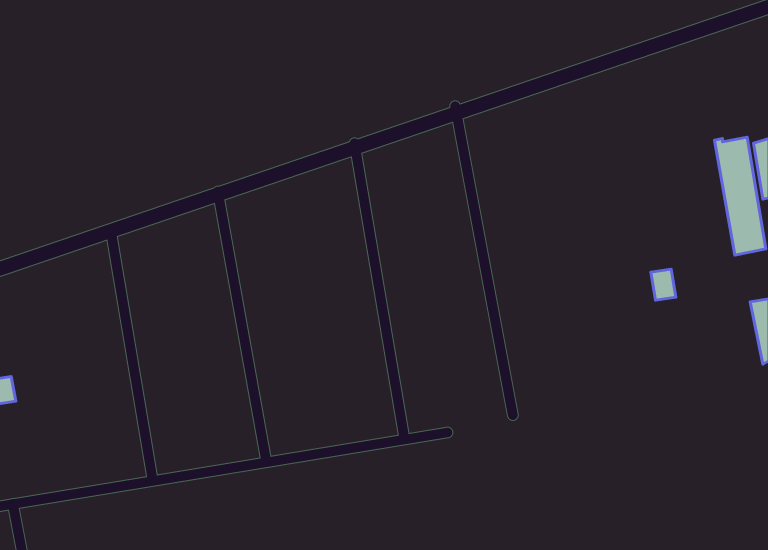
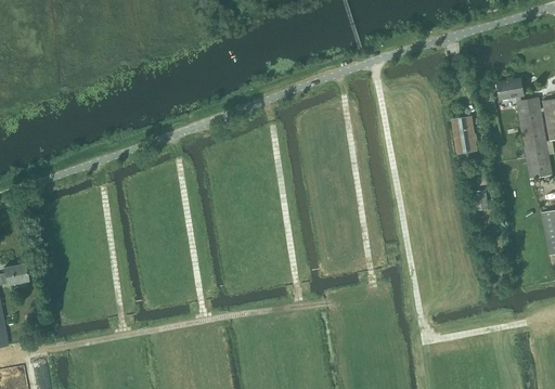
building: none -> [496,77,524,100]
building: none -> [454,117,476,153]

